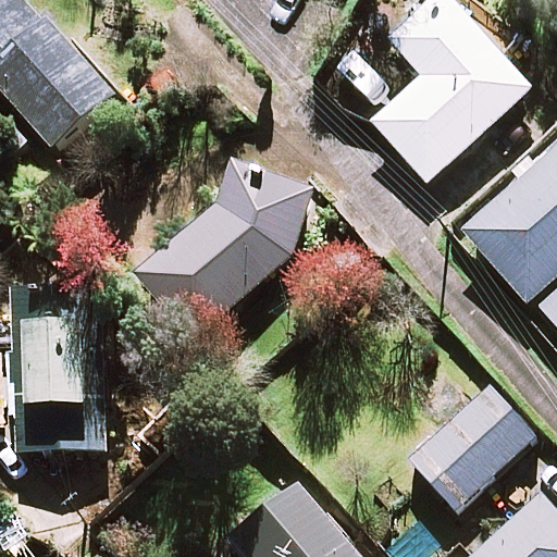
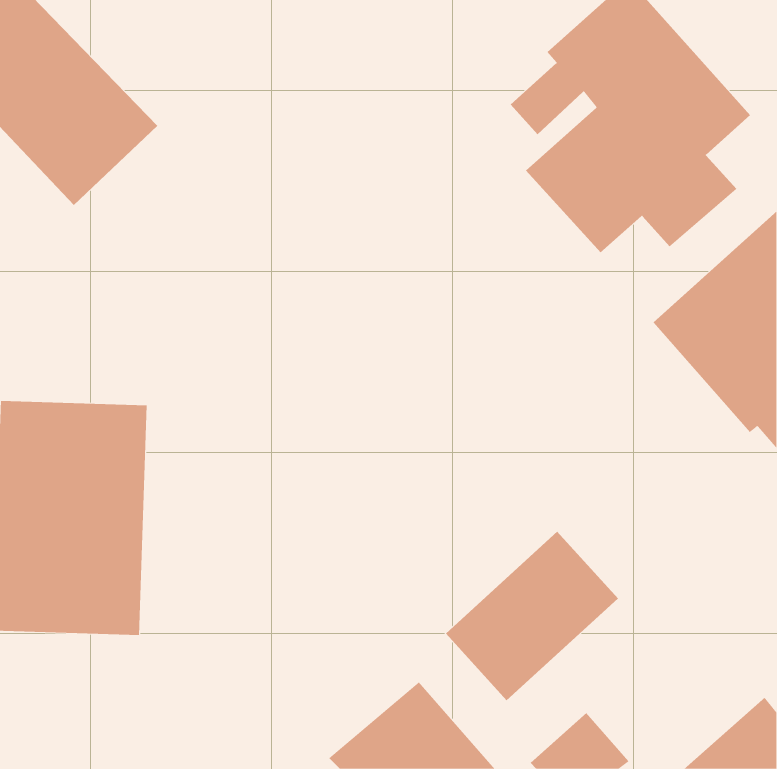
building: [137,160,314,341] -> none
building: [410,386,533,507] -> [445,531,619,701]

